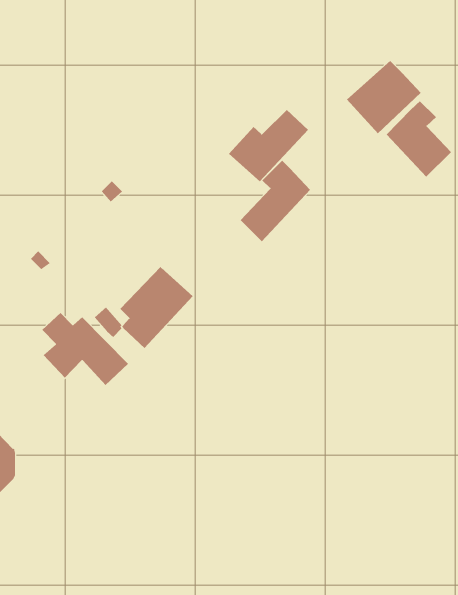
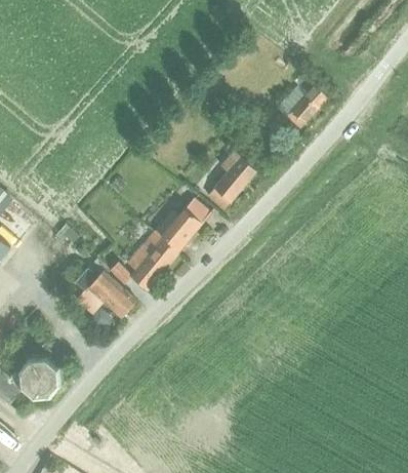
building: [386,100,452,177] -> none
building: [228,109,309,182] -> [155,198,210,250]

